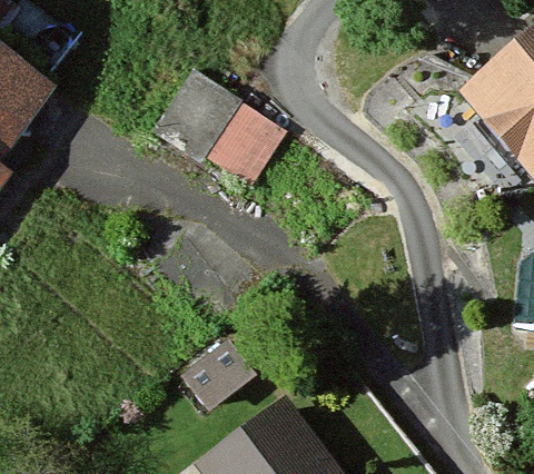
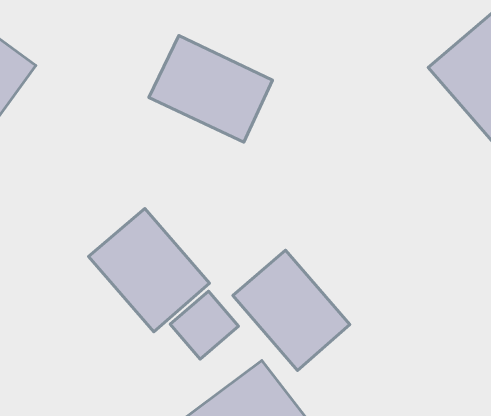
building: none -> [89,209,210,332]
building: none -> [233,250,350,370]

